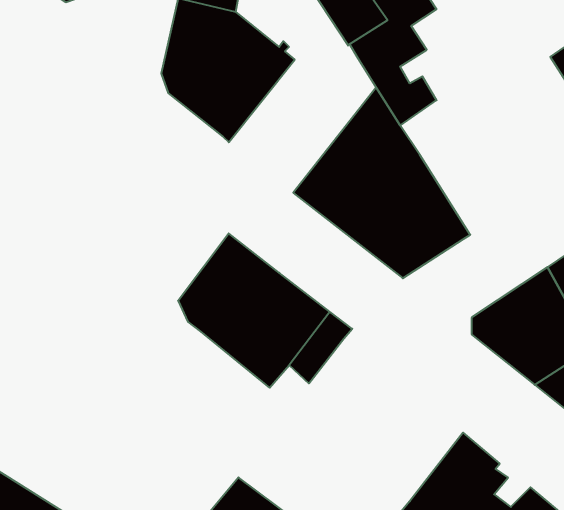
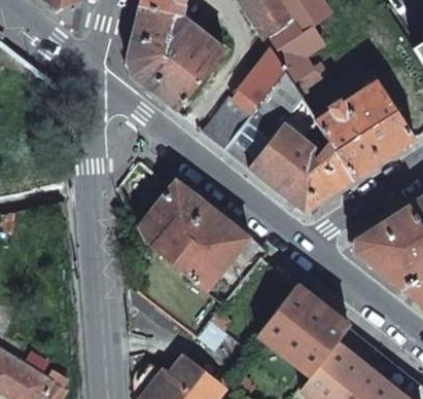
building: none -> [202,49,284,148]
building: none -> [316,79,415,179]
building: none -> [257,284,348,374]

